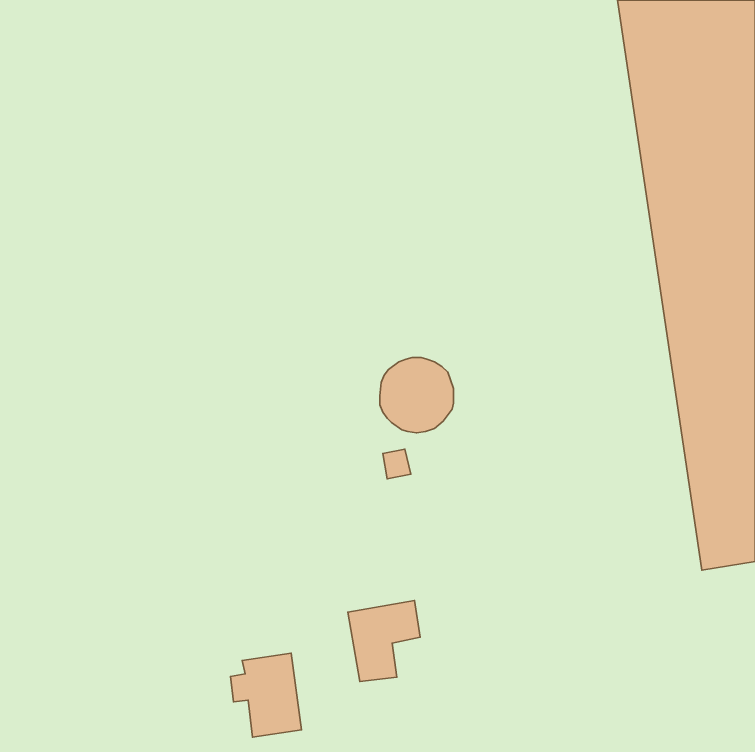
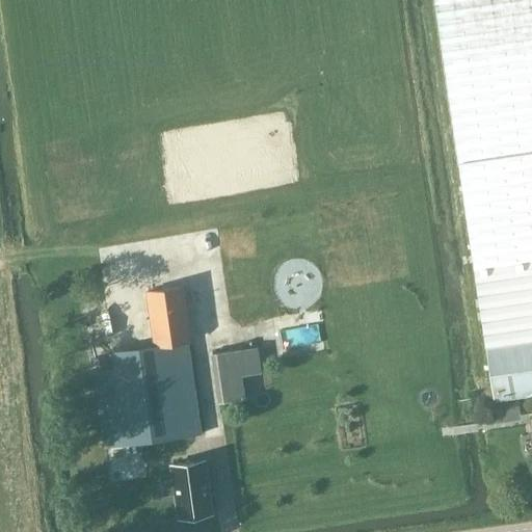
building: none -> [94,289,202,449]
building: [348,600,420,682] -> [211,348,262,405]

